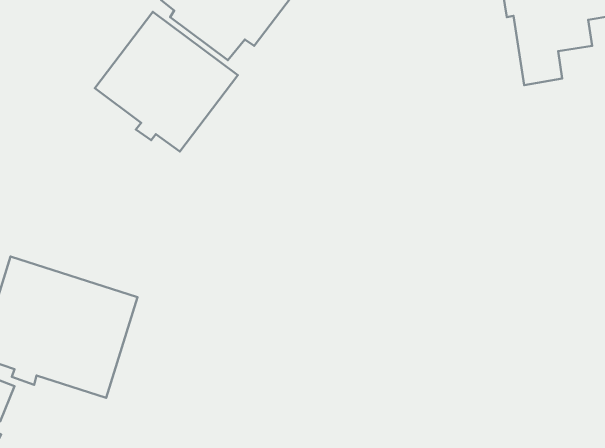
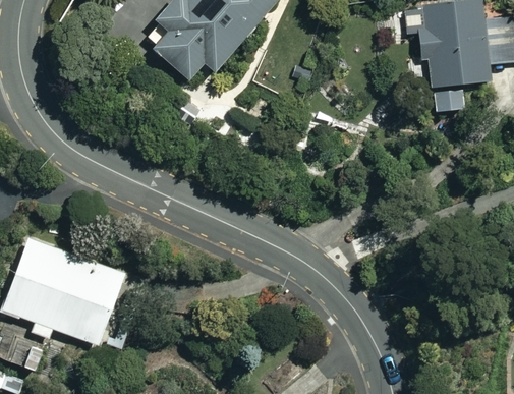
building: [95,12,238,152] -> none

